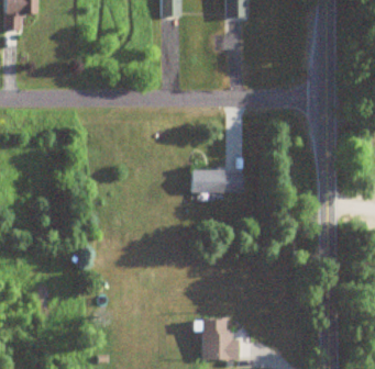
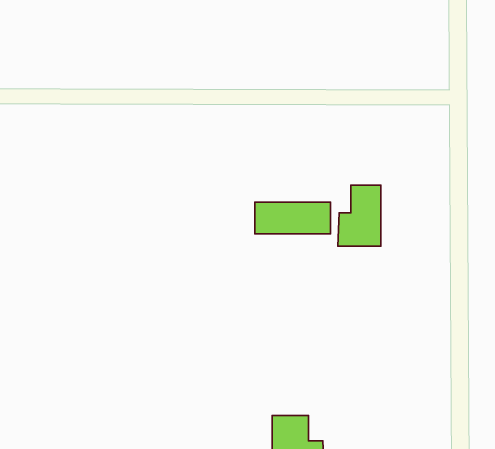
building: none -> [338,185,381,246]

